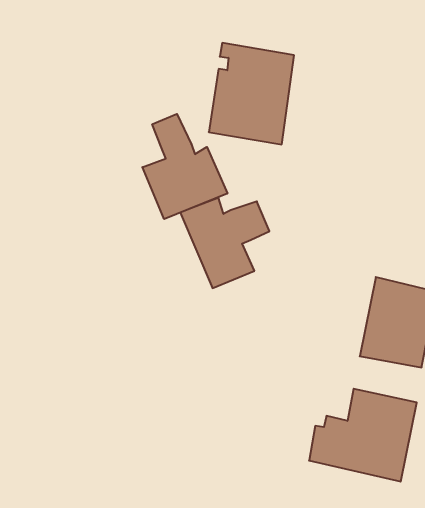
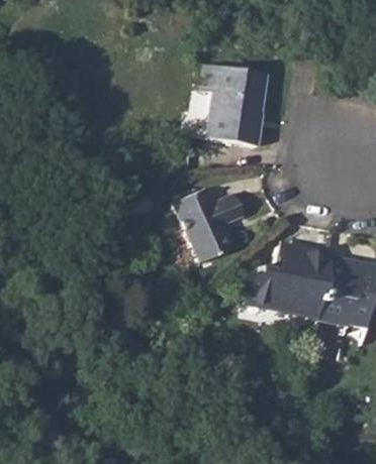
building: [142,114,227,219] -> none
building: [309,389,417,482] -> [246,243,334,319]

